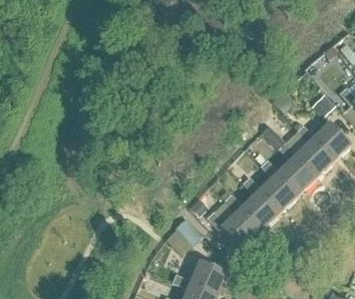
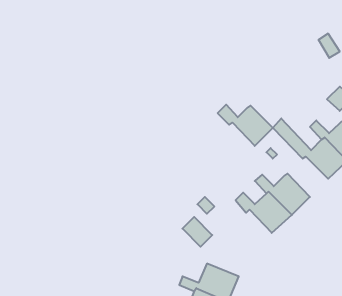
building: [261,160,313,199] -> [218,105,273,146]
building: [208,211,260,250] -> none

